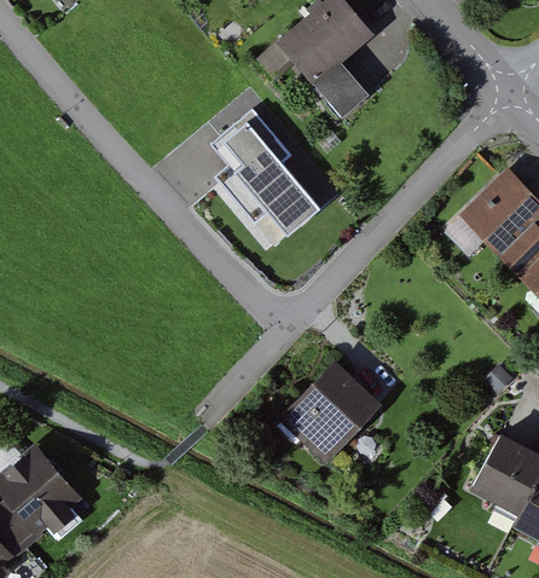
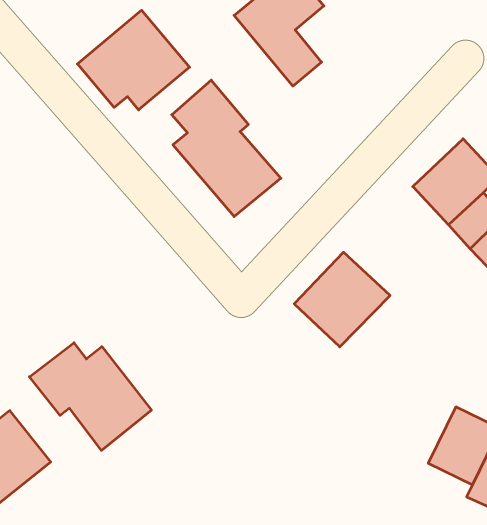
building: none -> [77,10,190,110]
building: [277,365,373,461] -> [294,252,390,347]
building: none -> [29,343,151,450]

